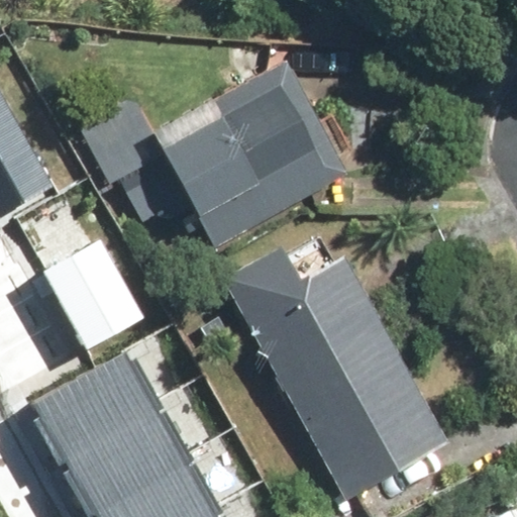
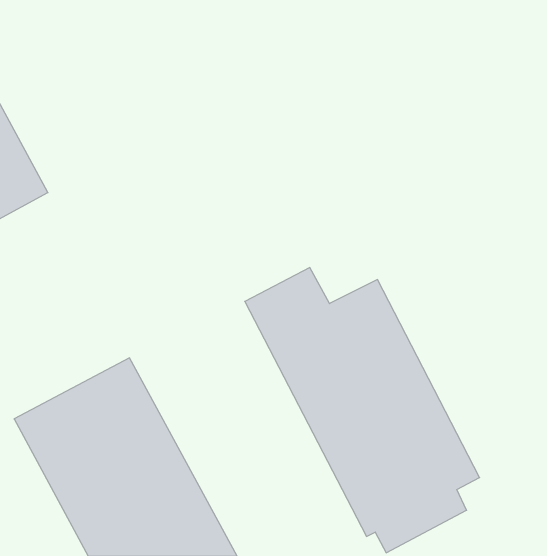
building: [154,60,351,247] -> none
building: [29,227,126,334] -> none

